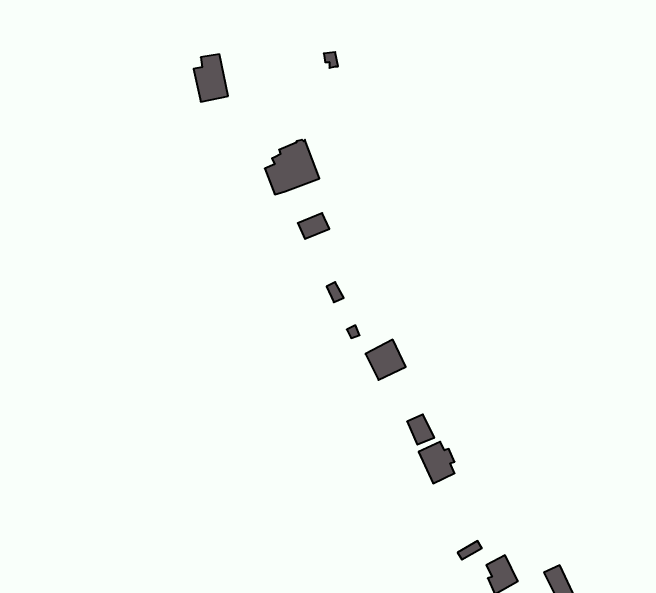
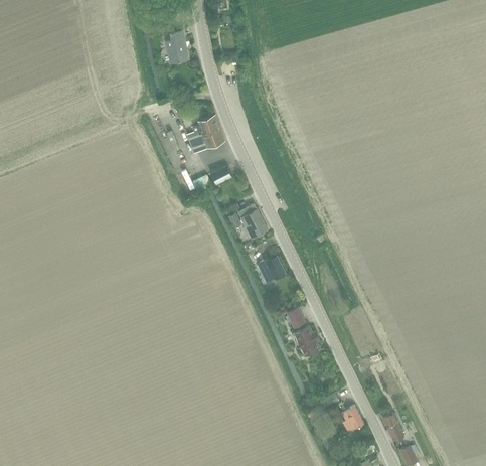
building: [194,54,228,102] -> [165,30,189,63]
building: none -> [239,205,268,240]

